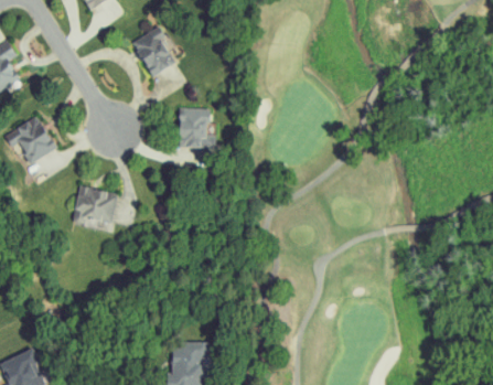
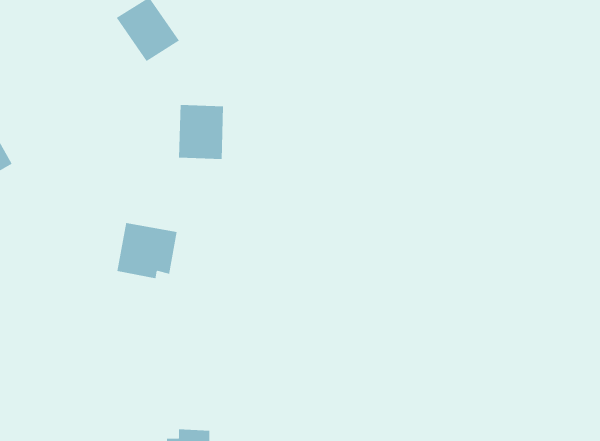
building: [73,186,117,227] -> [117,223,177,279]

